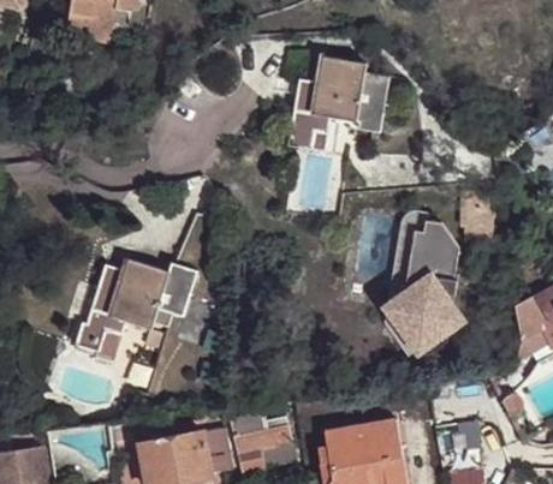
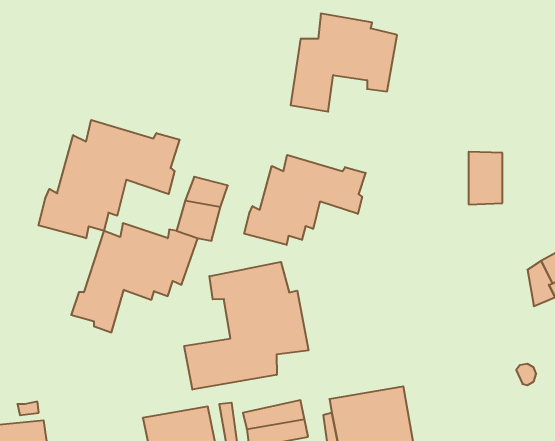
building: none -> [38,120,180,238]
building: none -> [244,155,366,245]
building: [385,216,469,365] -> none
building: none -> [184,262,308,390]

